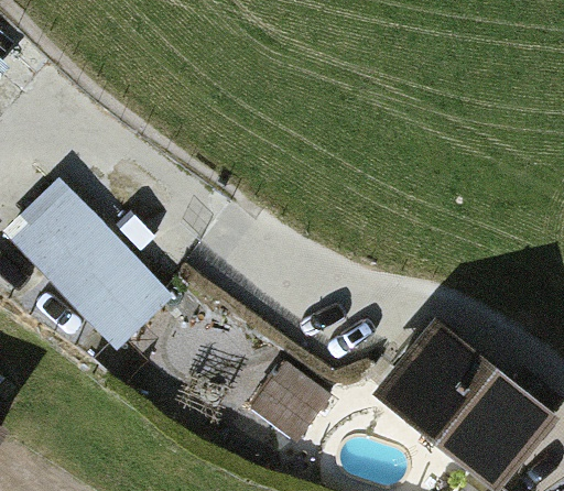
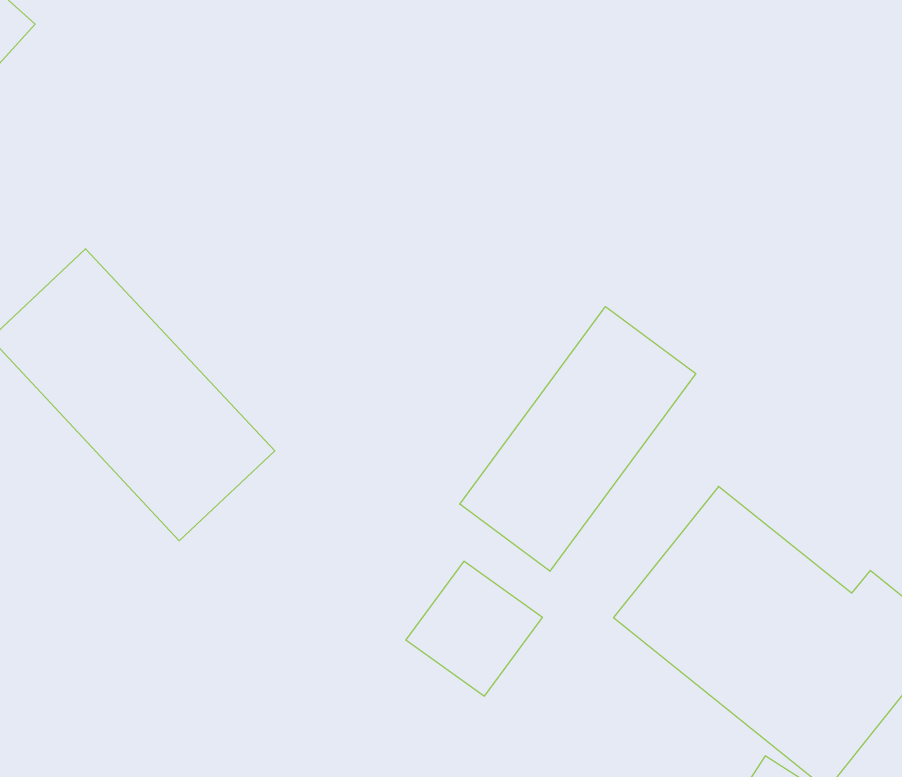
building: none -> [460,307,696,571]

